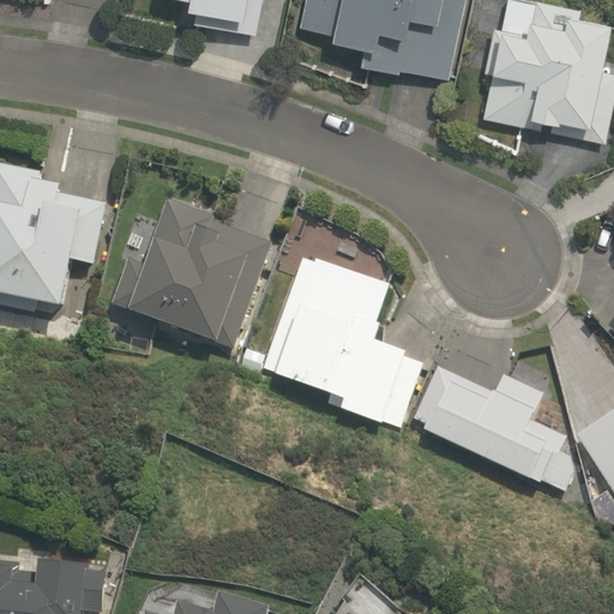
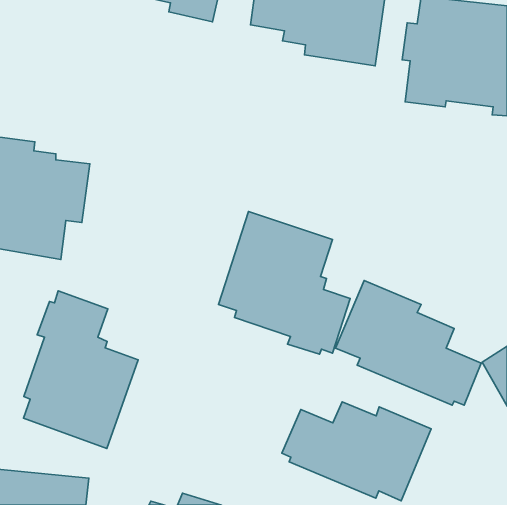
building: [113,206,271,353] -> none
building: none -> [23,291,138,448]
building: none -> [282,402,431,501]

